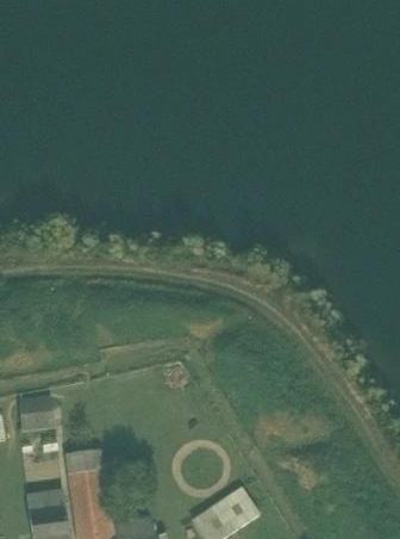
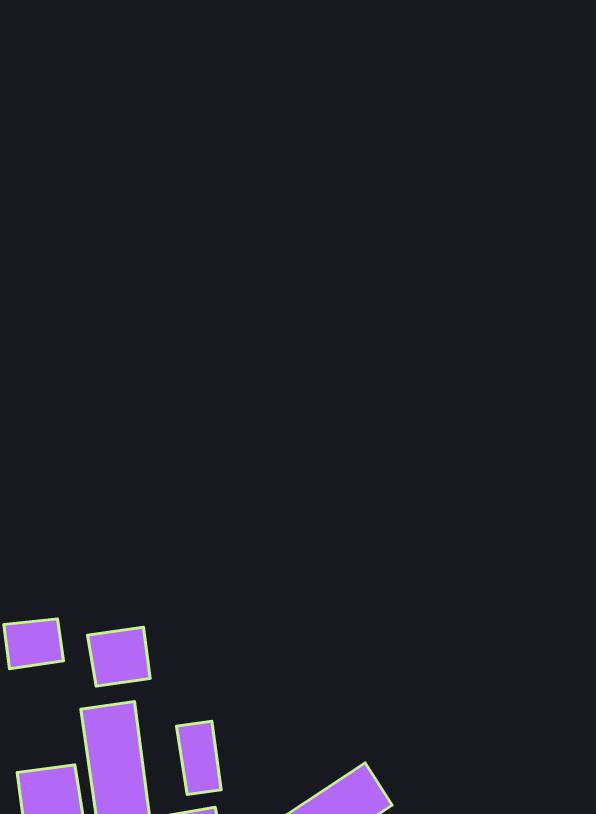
building: none -> [87,627,150,686]
building: none -> [177,721,221,794]

